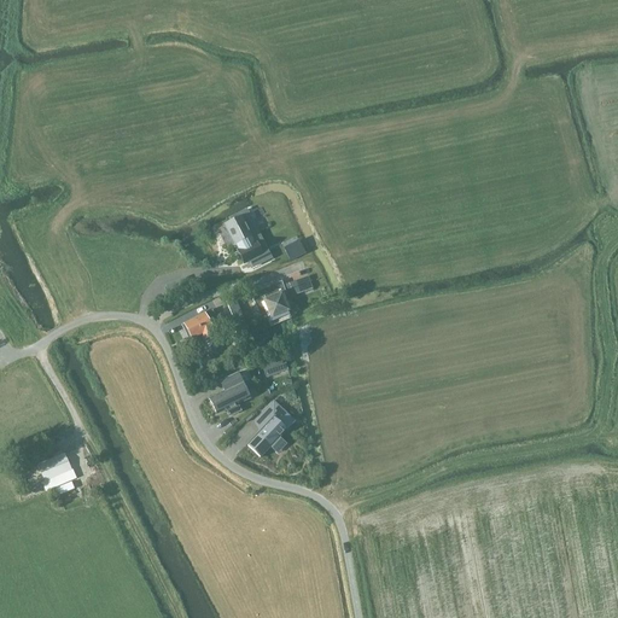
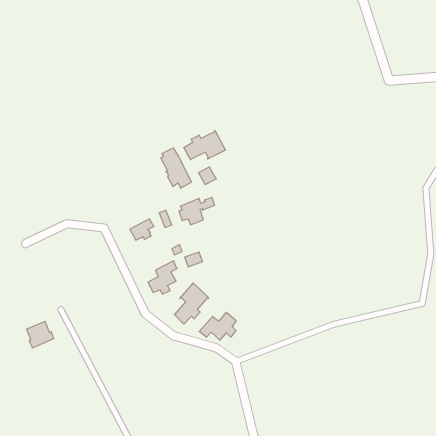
building: none -> [184,131,225,160]
building: none -> [199,312,236,340]

